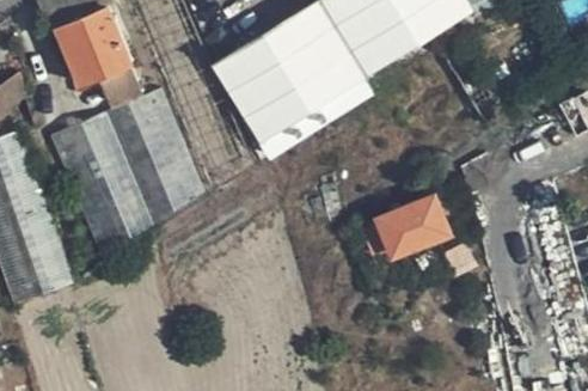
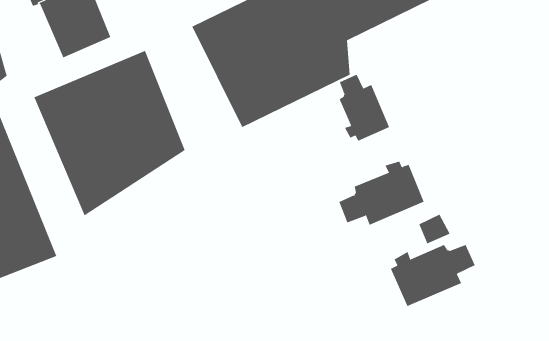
building: none -> [339,74,390,141]
building: none -> [390,244,475,307]

